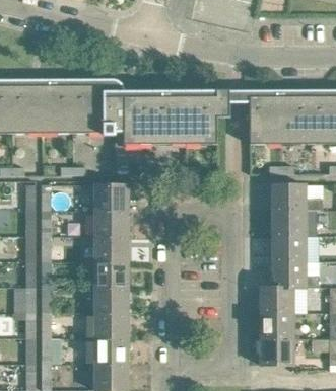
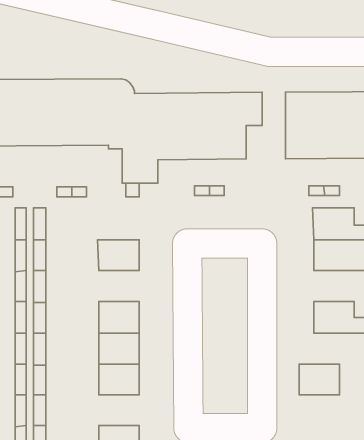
building: [94,184,129,211] -> none
building: [95,236,129,261] -> none
building: [273,236,307,261] -> none
building: [261,287,294,313] -> none
building: [95,338,129,364] -> none
building: [261,338,294,365] -> none

